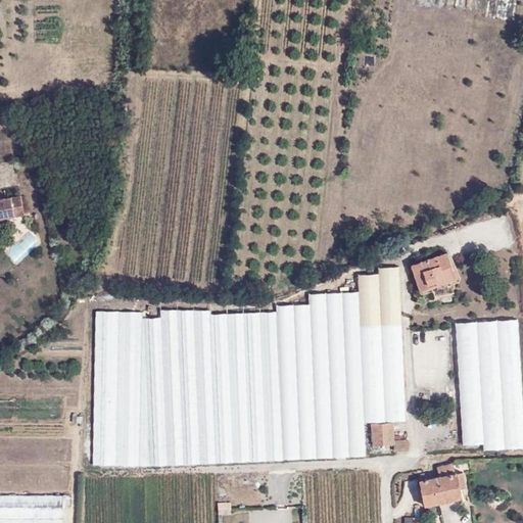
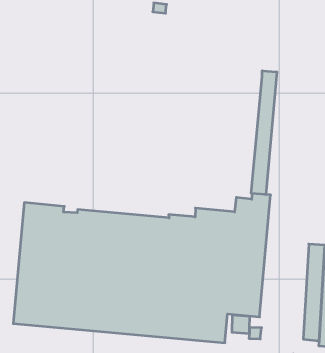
building: none -> [251,71,277,195]
building: [410,252,456,294] -> none

